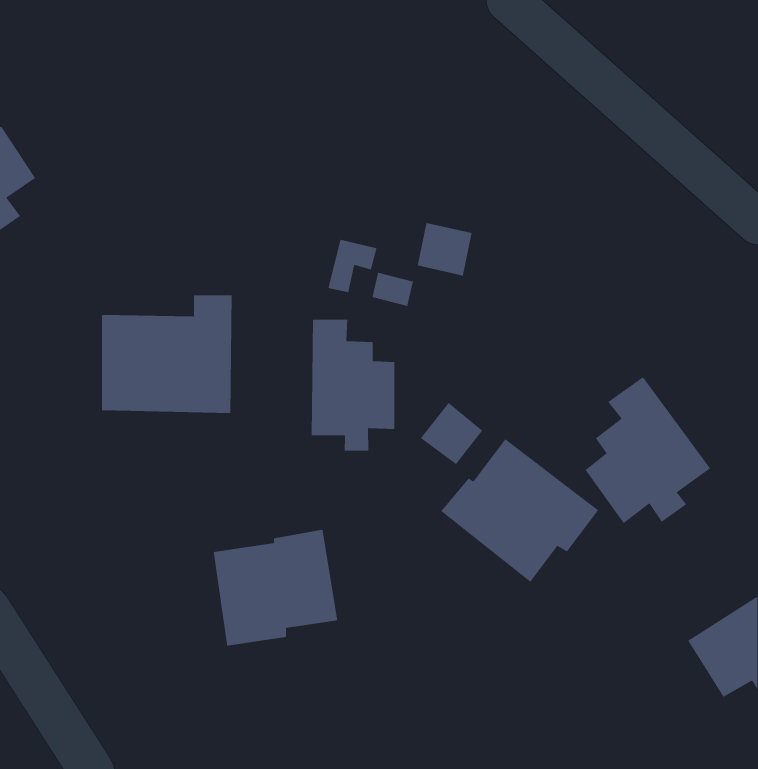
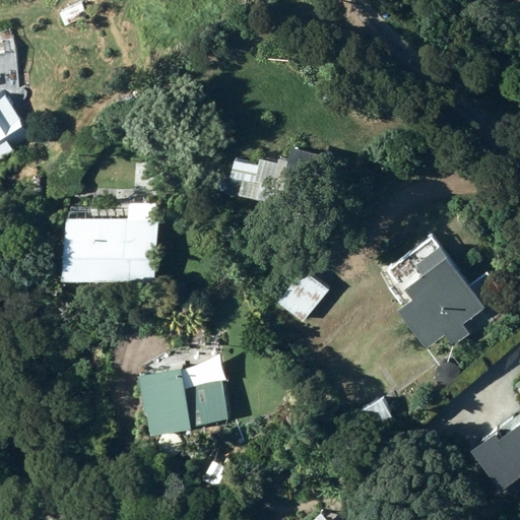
building: [311,319,395,452] -> none
building: [440,438,599,583] -> none

